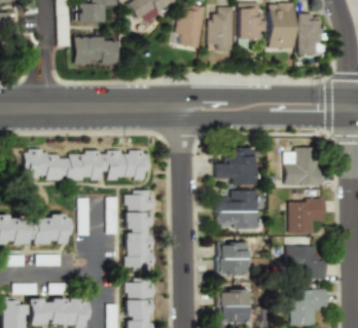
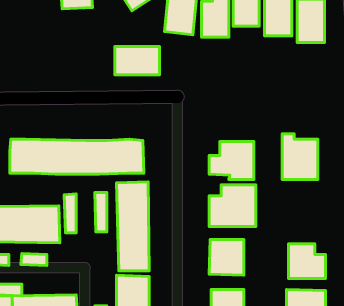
building: [75,45,117,72] -> [115,46,159,75]
building: [288,199,324,234] -> none

